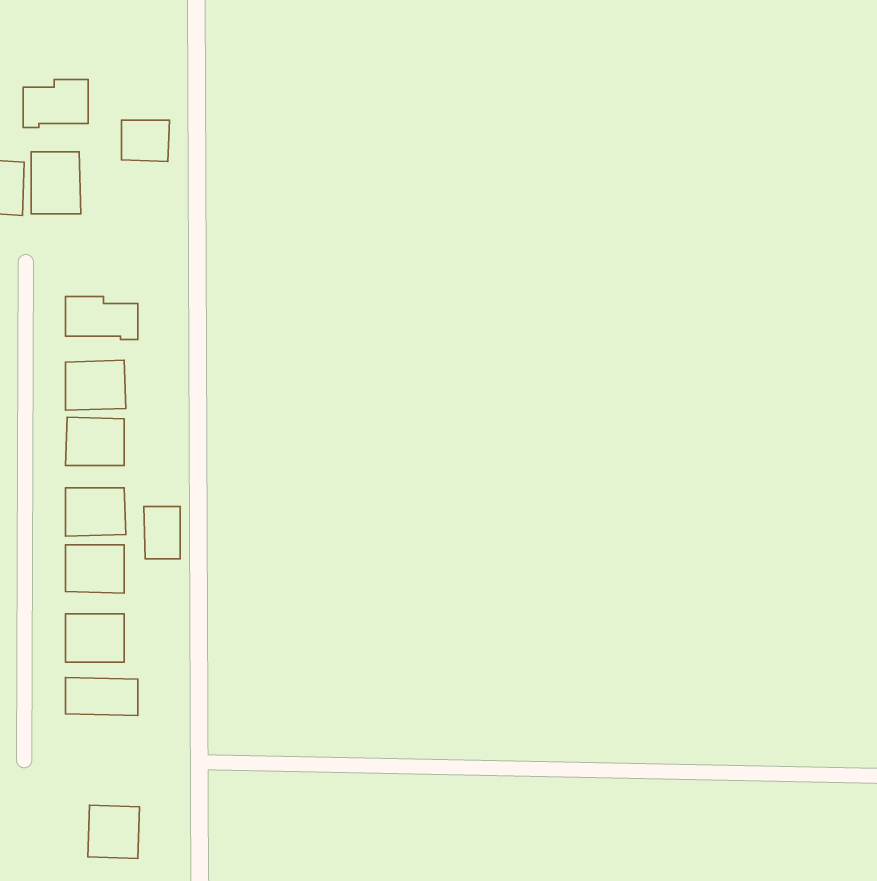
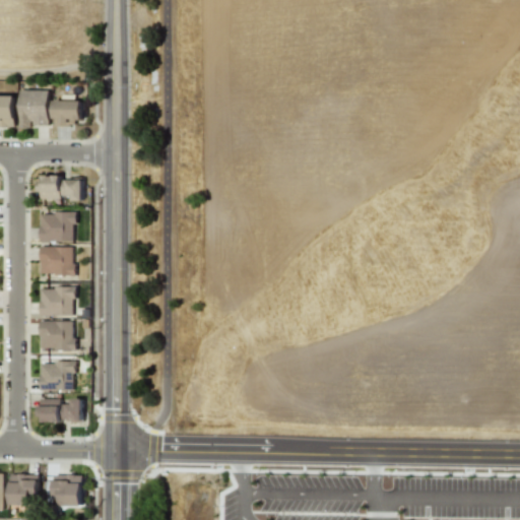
building: [23,80,88,127] -> none
building: [121,120,170,161] -> [53,101,81,125]
building: [144,507,180,559] -> none
building: none -> [9,473,38,505]

